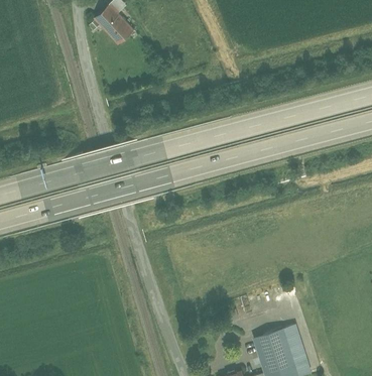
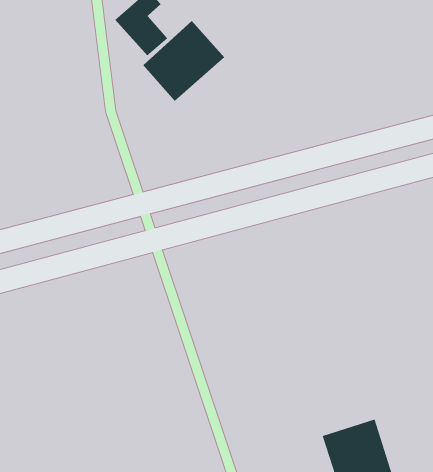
building: none -> [142,20,225,102]

